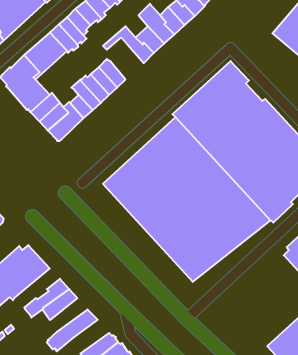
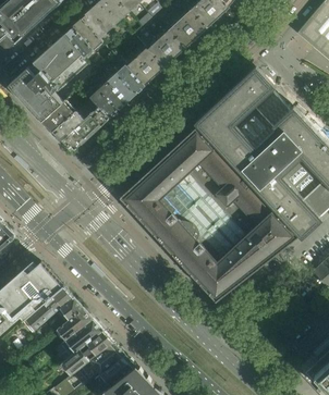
building: none -> [124,49,163,86]
building: none -> [25,287,74,330]
building: none -> [62,319,103,355]
building: none -> [89,342,126,374]

